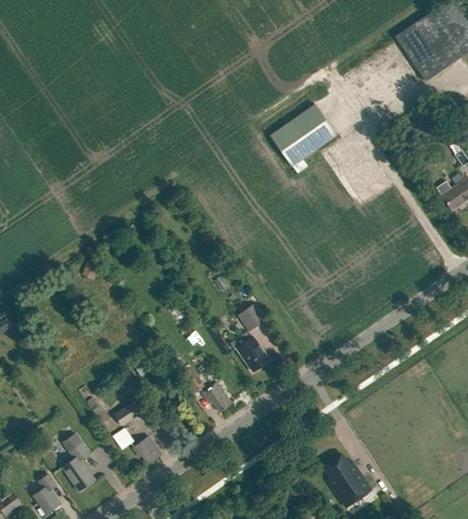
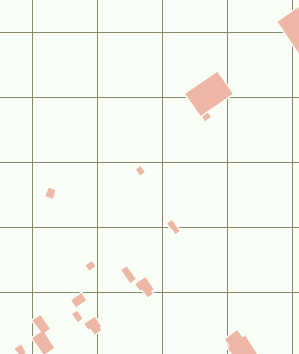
building: [235,336,269,371] -> none

